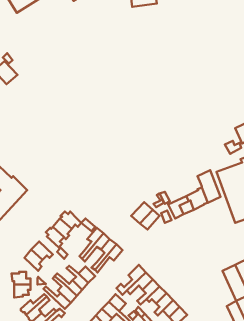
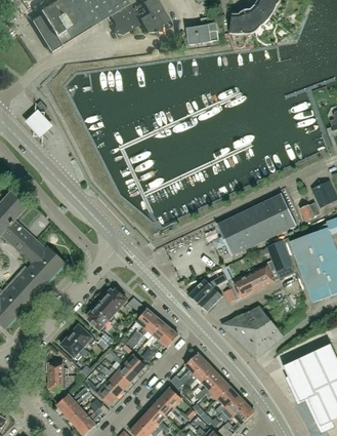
building: none -> [216,193,296,255]
building: none -> [221,306,282,358]
building: none -> [280,359,312,403]

